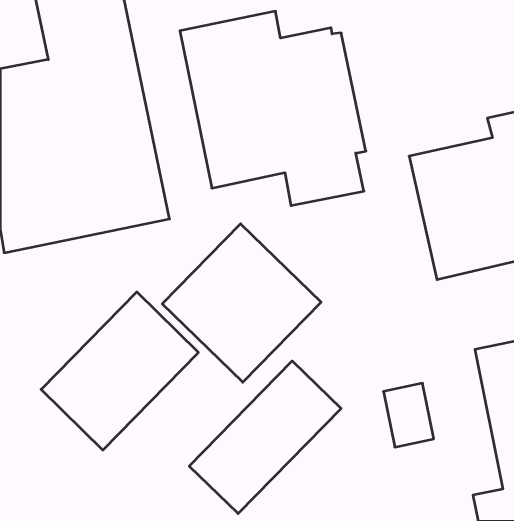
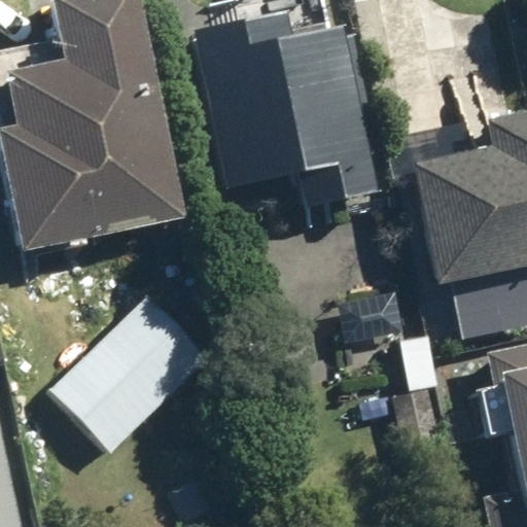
building: [162,224,321,382] -> none
building: [189,361,341,514] -> none

